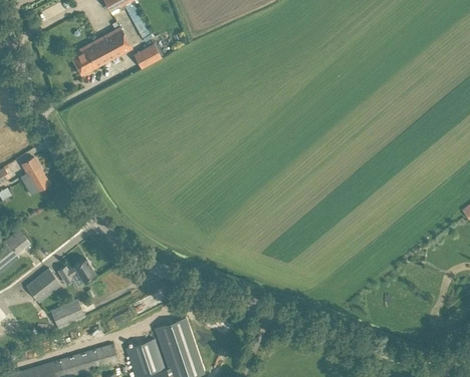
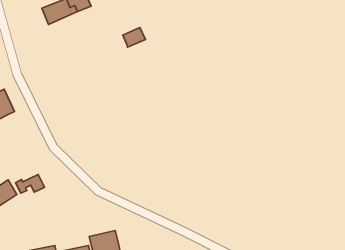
building: [134,43,162,68] -> [123,28,145,47]
building: [50,299,85,328] -> none

